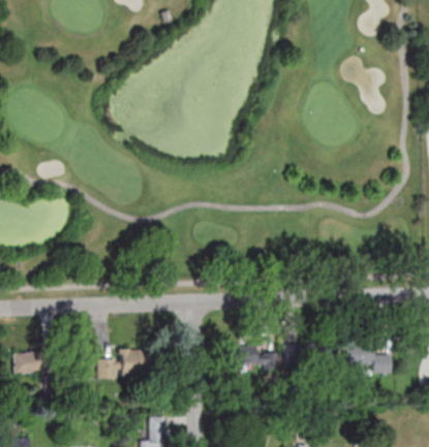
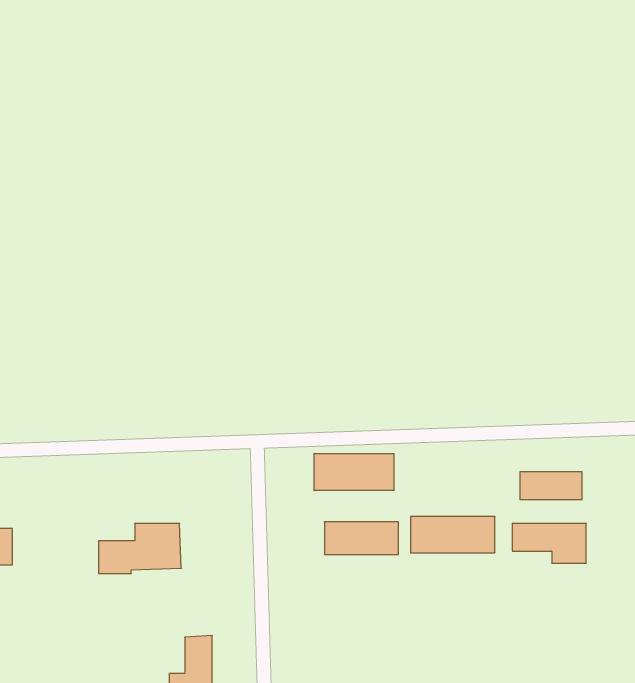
building: none -> [314,454,394,491]
building: none -> [520,472,582,500]

